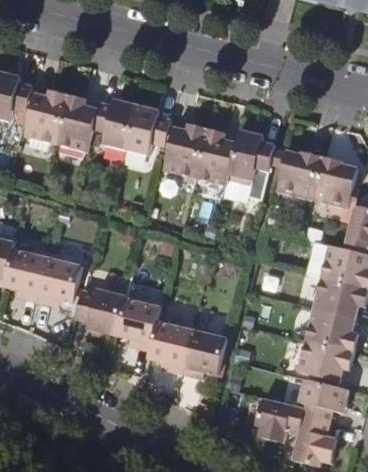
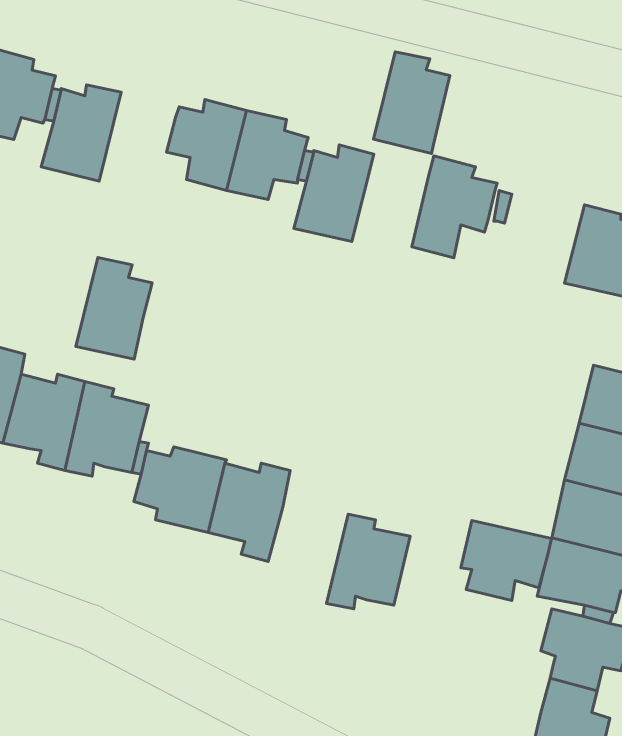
building: [55,94,97,150] -> [76,257,152,359]
building: [194,128,236,184] -> [373,52,450,154]
building: [275,150,322,199] -> none
building: [147,322,192,375] -> none
building: [255,398,305,442] -> [461,520,552,600]

